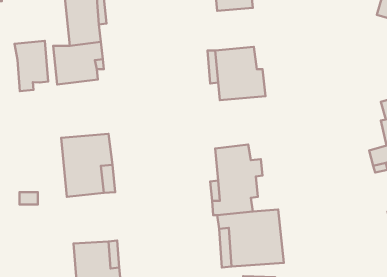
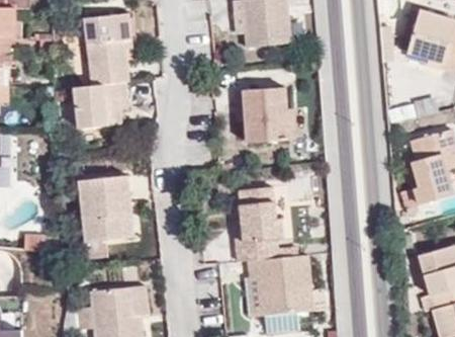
building: [14,41,48,91] -> none

